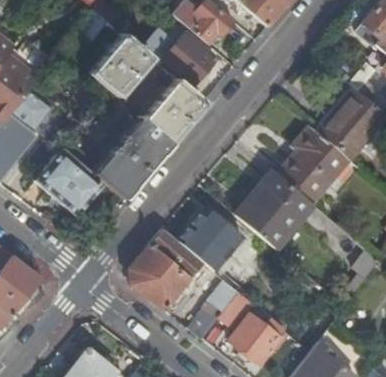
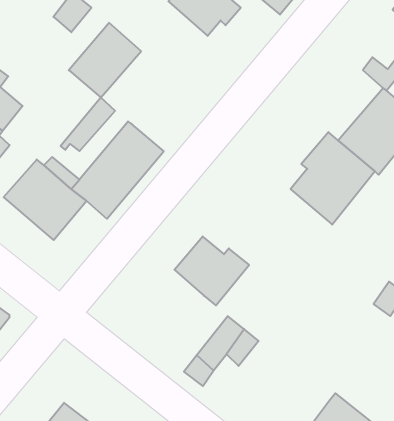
building: [162,31,216,85] -> none
building: [143,68,204,141] -> none
building: [240,173,312,247] -> none
building: [129,228,204,309] -> none
building: [230,315,279,364] -> none

